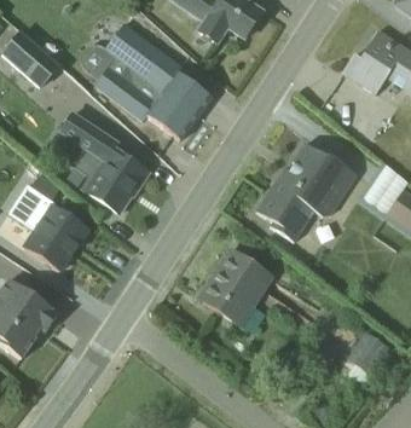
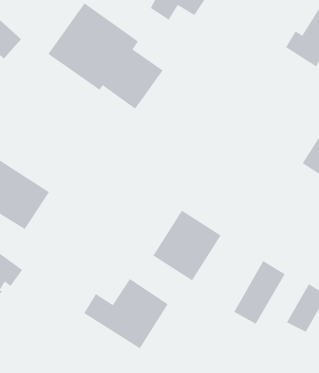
building: [44,108,146,214] -> none
building: [255,143,355,241] -> none
building: none -> [234,260,286,324]
building: none -> [83,278,169,349]

